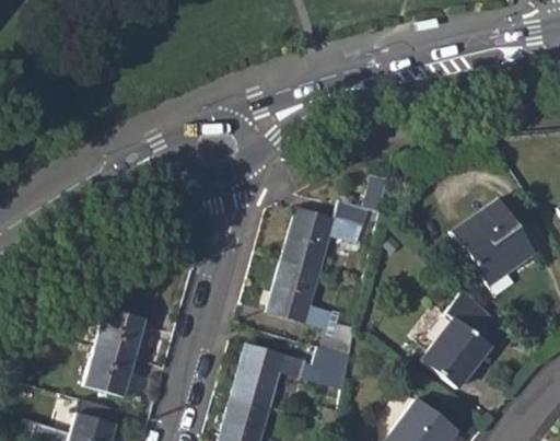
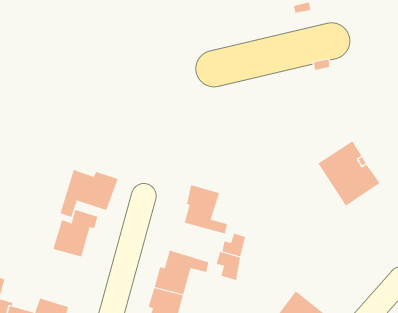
building: [279,198,366,269] -> none
building: none -> [60,169,119,218]
building: [425,293,508,390] -> none
building: [83,345,133,394] -> none

